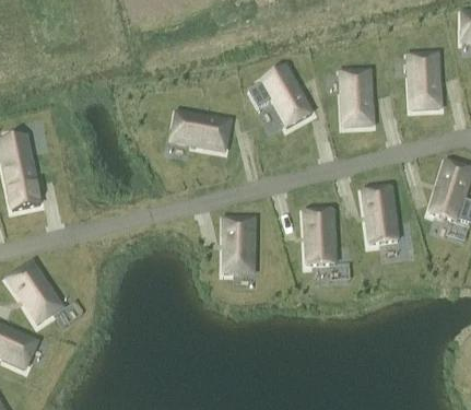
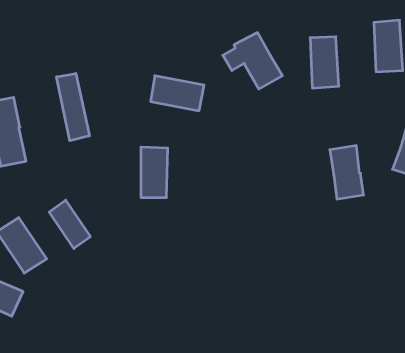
building: none -> [57,73,89,141]
building: [304,209,334,263] -> none
building: [224,218,252,271] -> [141,147,168,197]
building: none -> [49,200,90,249]

